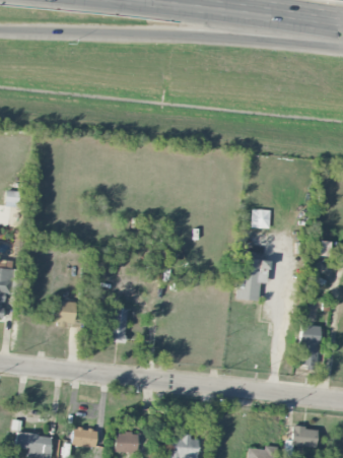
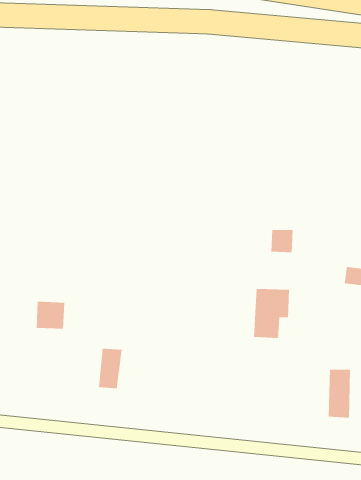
building: [52,301,76,324] -> [36,301,65,329]

